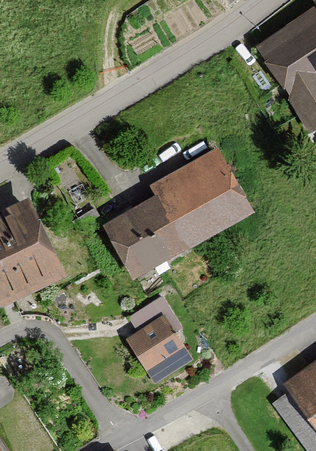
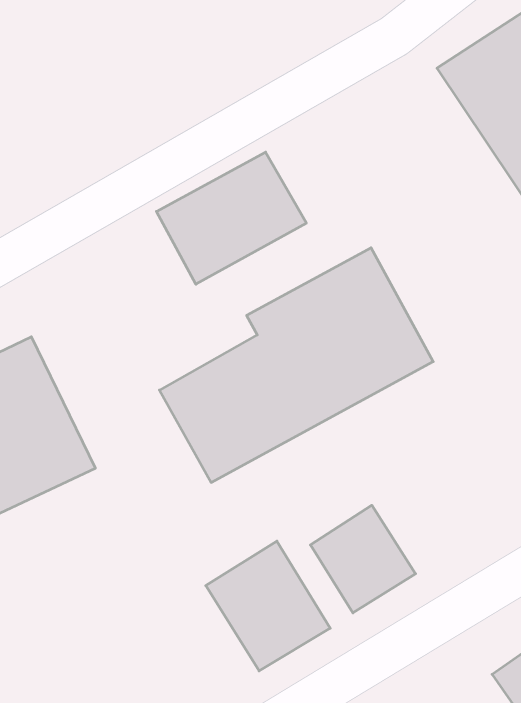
building: none -> [156,152,306,284]
building: none -> [310,505,416,613]

